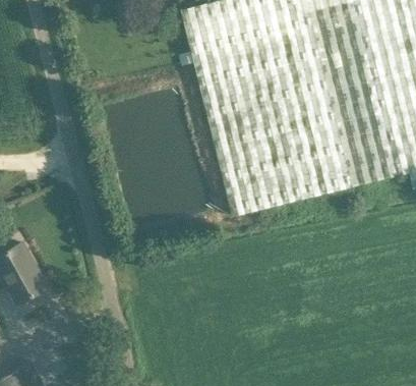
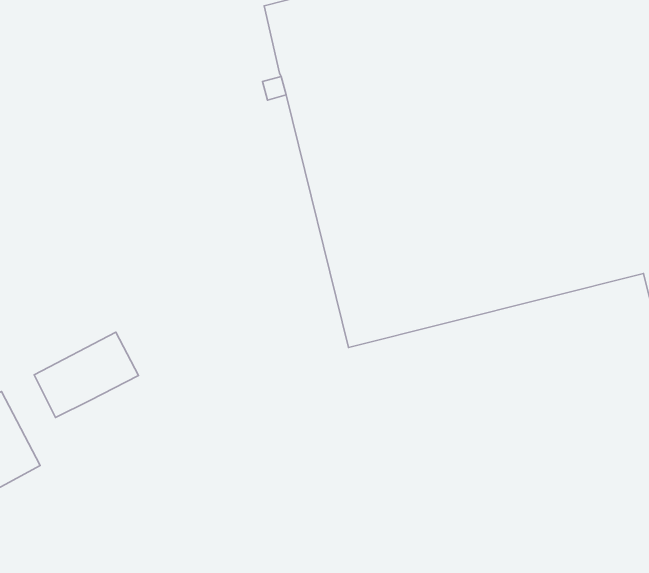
building: none -> [34,332,139,417]

